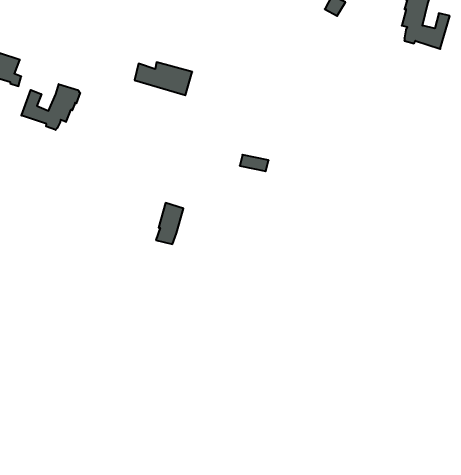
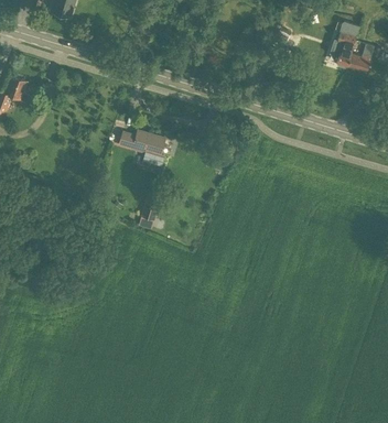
building: [135,62,192,95] -> [120,130,166,156]
building: [21,84,80,130] -> none

